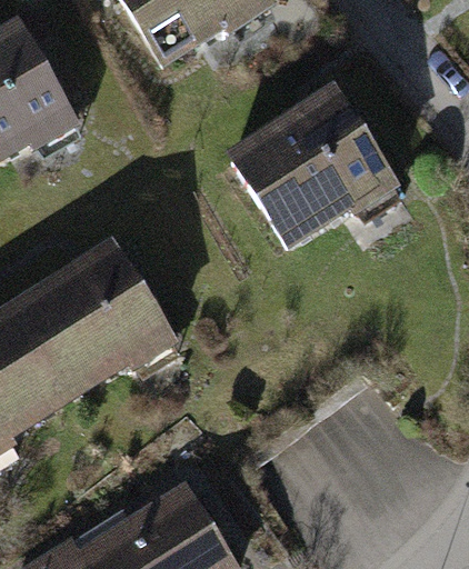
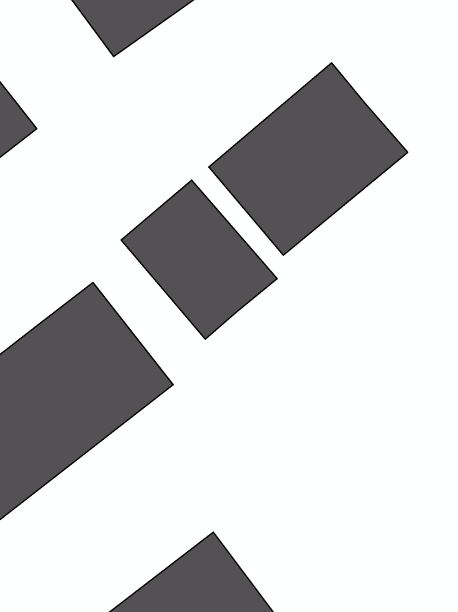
building: none -> [121,180,277,339]

